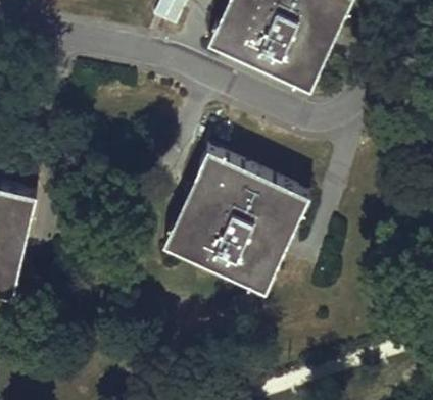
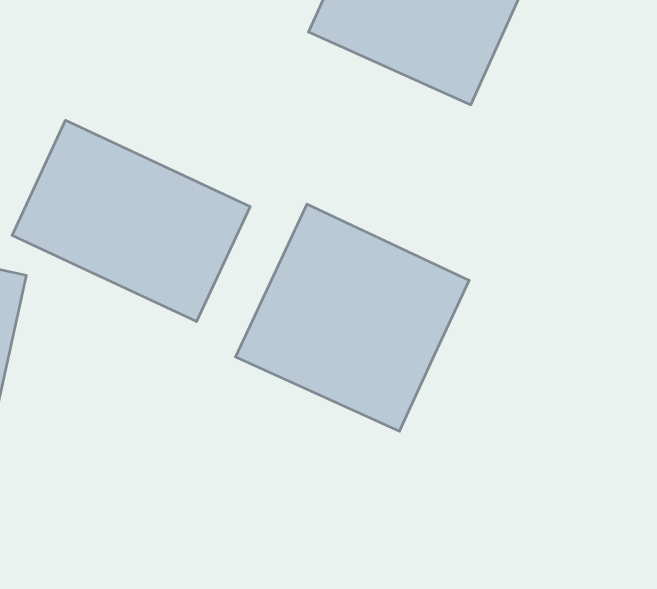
building: none -> [12,120,250,322]

